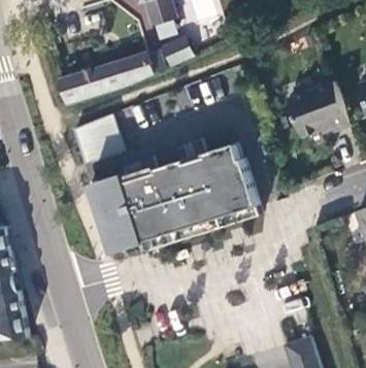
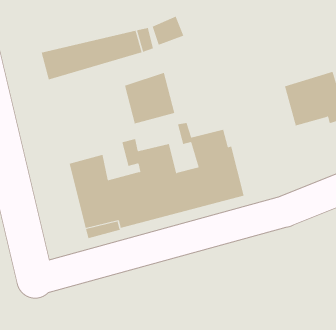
building: [73,113,123,164] -> [124,72,175,124]

